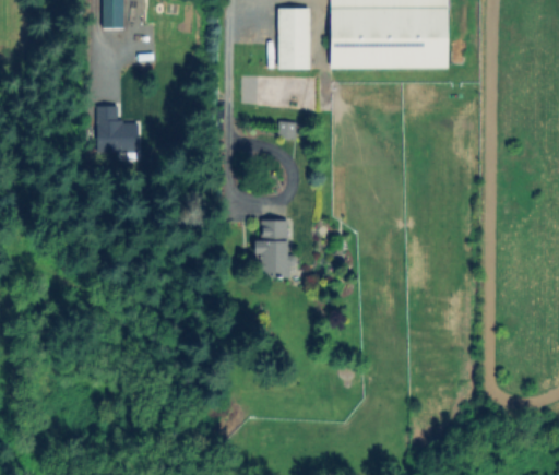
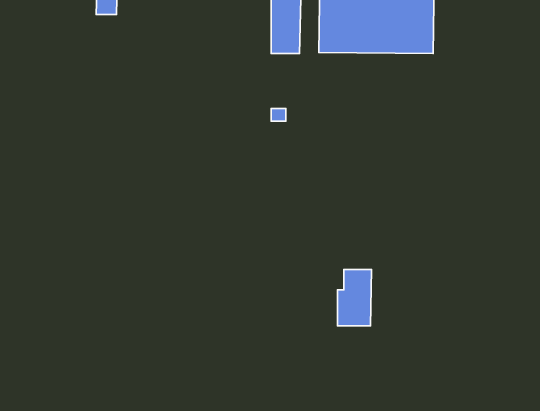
building: [93,102,138,152] -> none
building: [258,221,293,278] -> [338,270,371,326]

